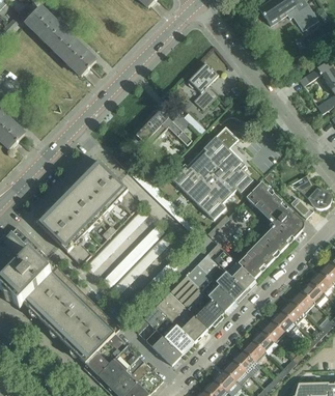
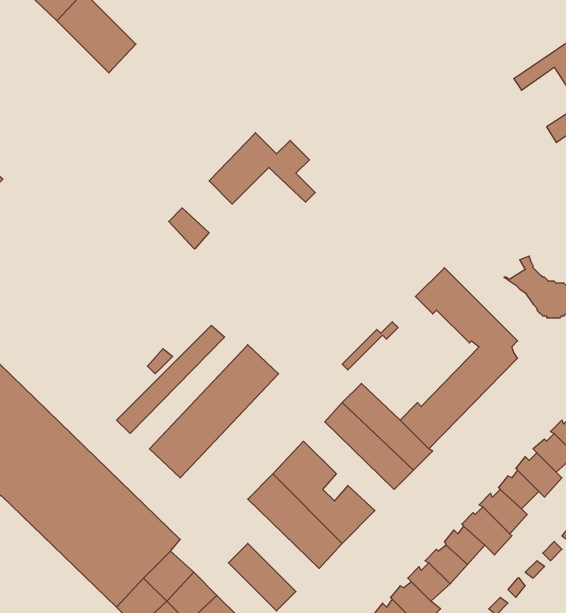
building: [187,61,218,109] -> none
building: [172,125,253,219] -> none
building: [36,160,141,264] -> none
building: [186,263,234,311] -> none
building: [143,305,194,355] -> none

